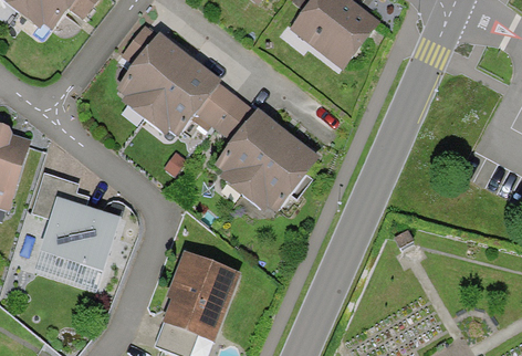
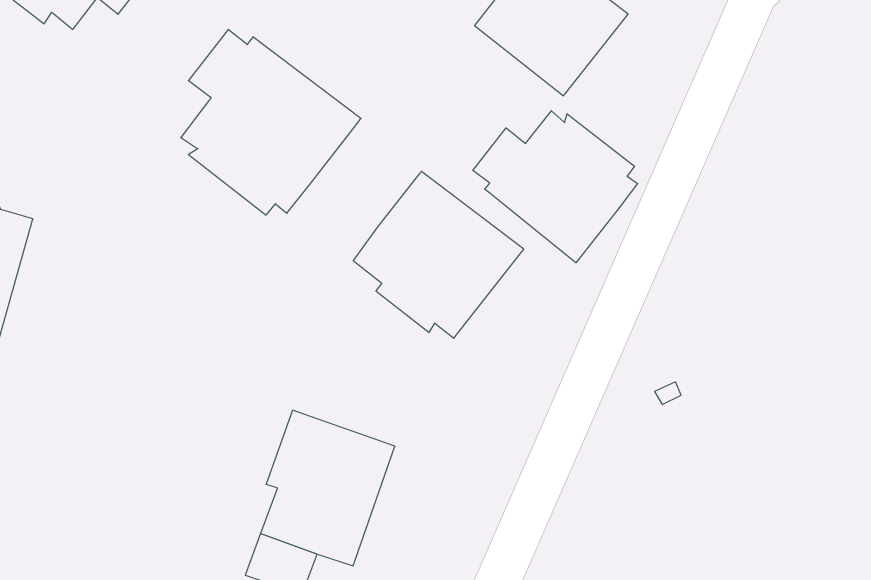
building: none -> [473,111,637,263]
building: [191,85,255,144] -> none
building: [31,174,119,293] -> none

